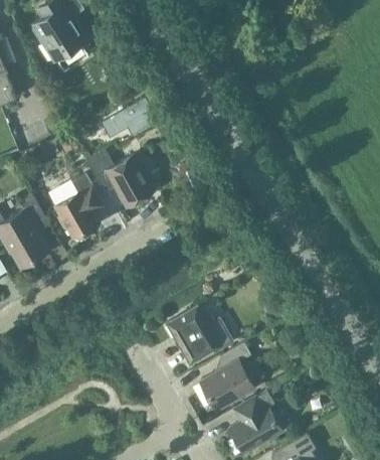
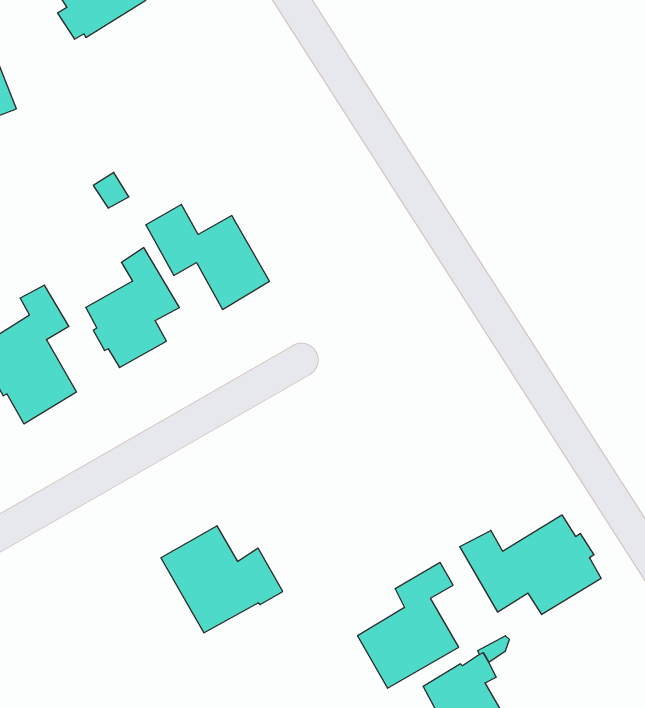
building: [101,98,156,139] -> none
building: [166,307,231,364] -> [161,526,283,633]
building: none -> [460,515,601,615]

